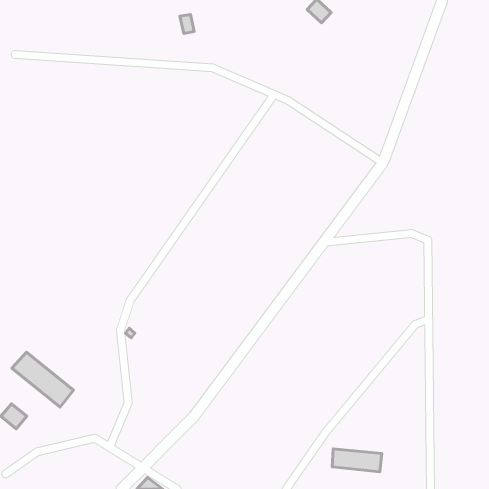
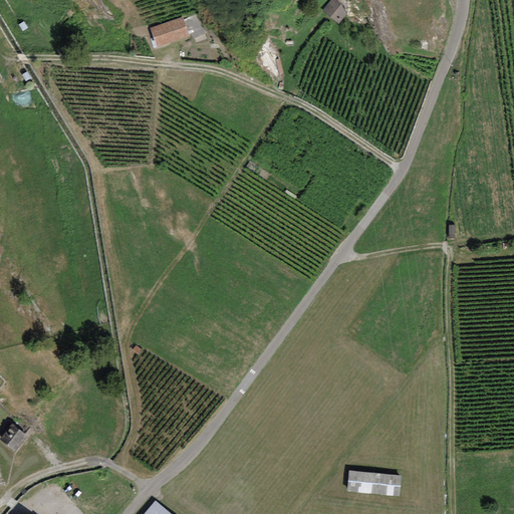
building: none -> [151,17,188,45]
building: [12,352,74,407] -> none

